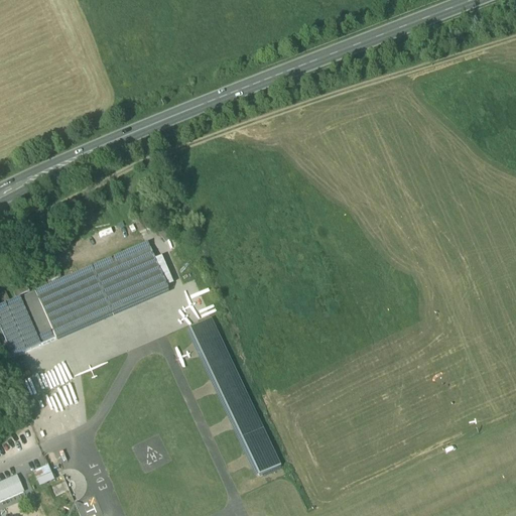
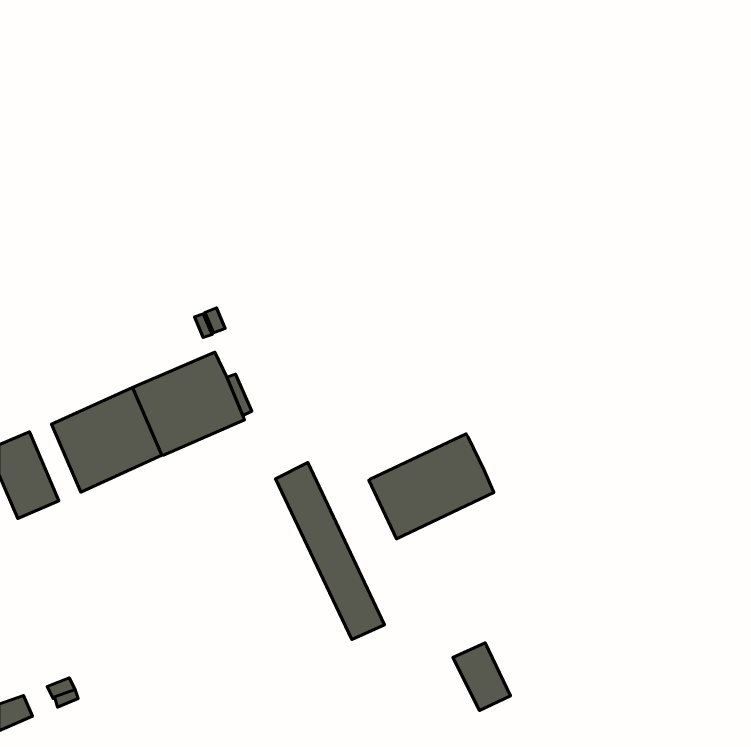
building: [20,289,55,343] -> none
building: none -> [369,434,494,539]
building: [241,427,280,474] -> [453,643,510,711]

